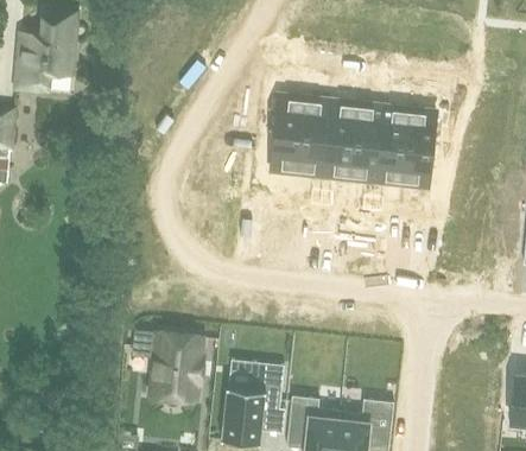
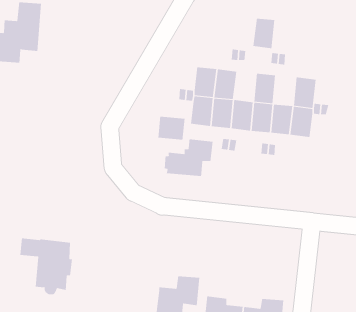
building: [327,100,356,140] -> [252,18,275,49]
building: [379,104,408,145] -> none
building: none -> [158,116,185,140]
building: none -> [164,139,213,177]
building: [132,330,202,405] -> [19,238,73,295]

